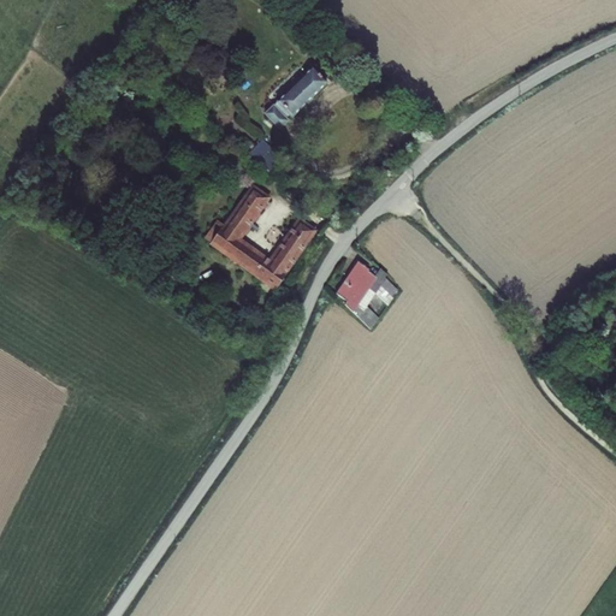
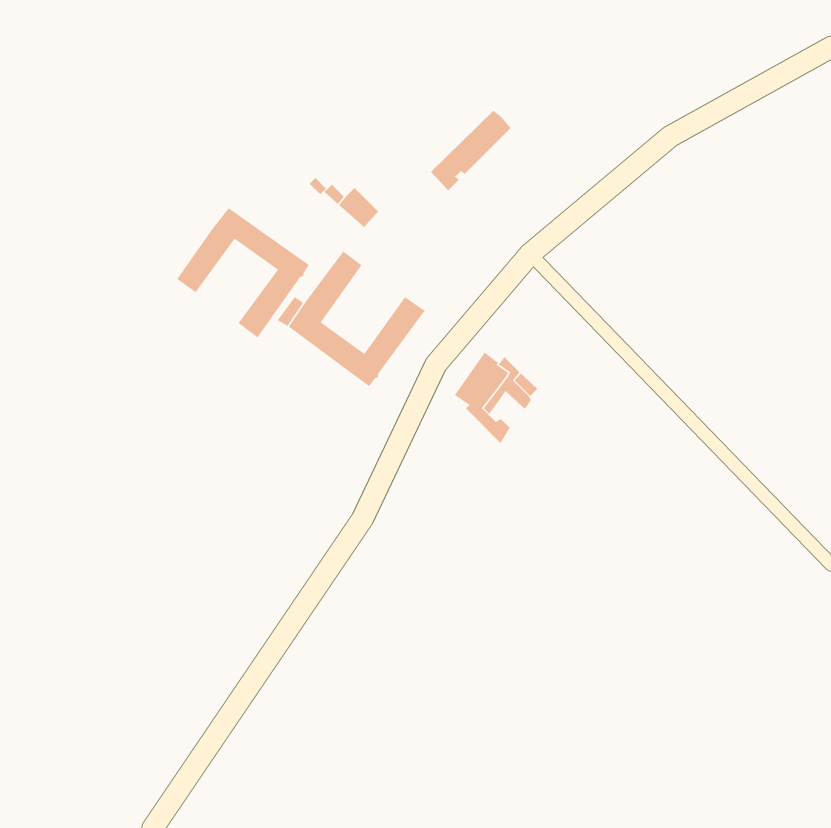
building: [266,67,326,128] -> [430,110,512,191]
building: none -> [176,207,310,339]

